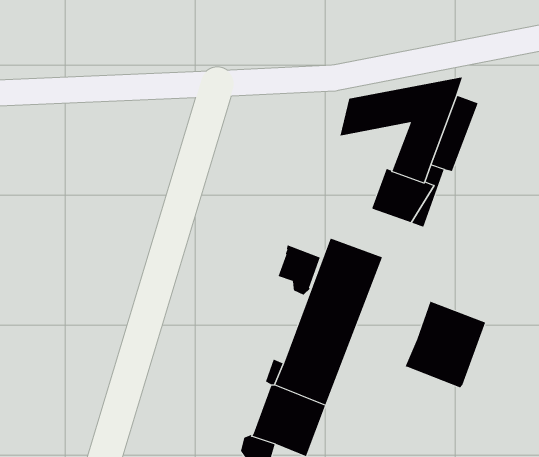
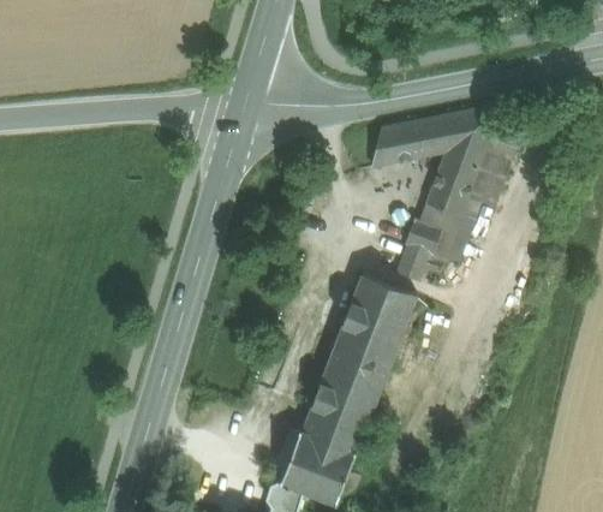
building: none -> [395,245,447,286]
building: [278,244,321,296] -> none
building: [405,301,486,388] -> none

